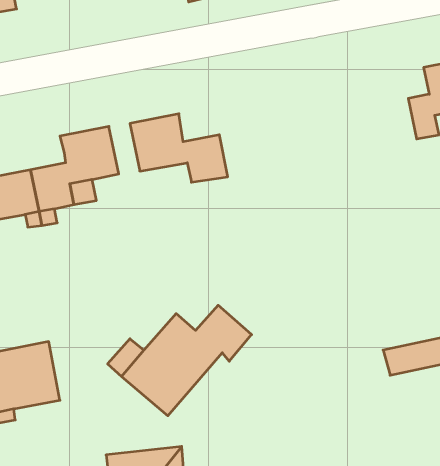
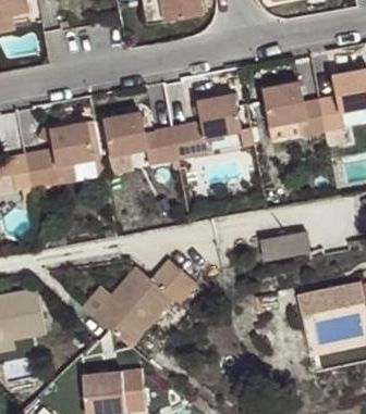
building: none -> [261,80,326,135]
building: none -> [172,93,242,160]
building: none -> [254,231,307,259]

